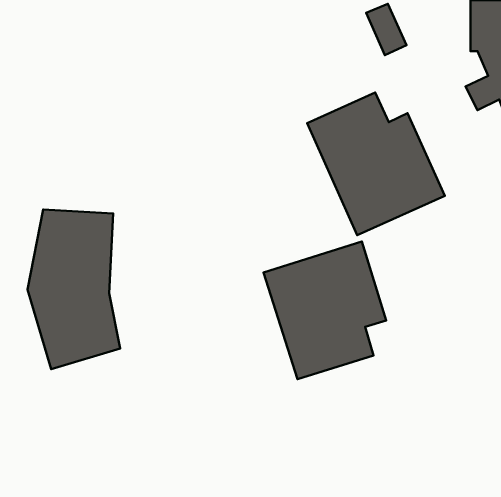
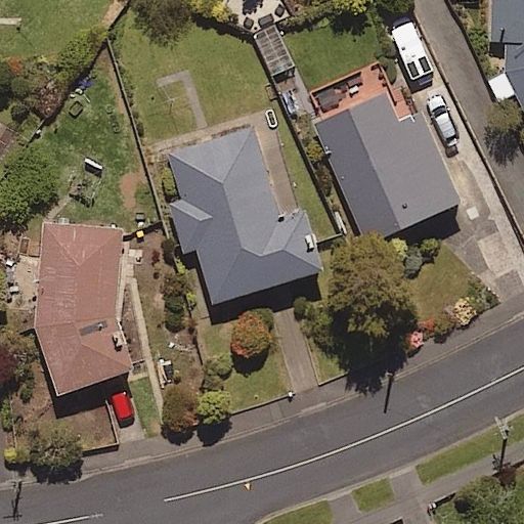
building: none -> [167,120,317,301]
building: [264,242,386,379] -> none

